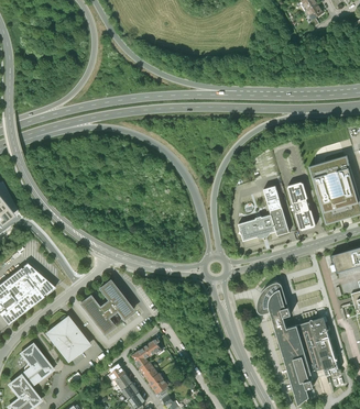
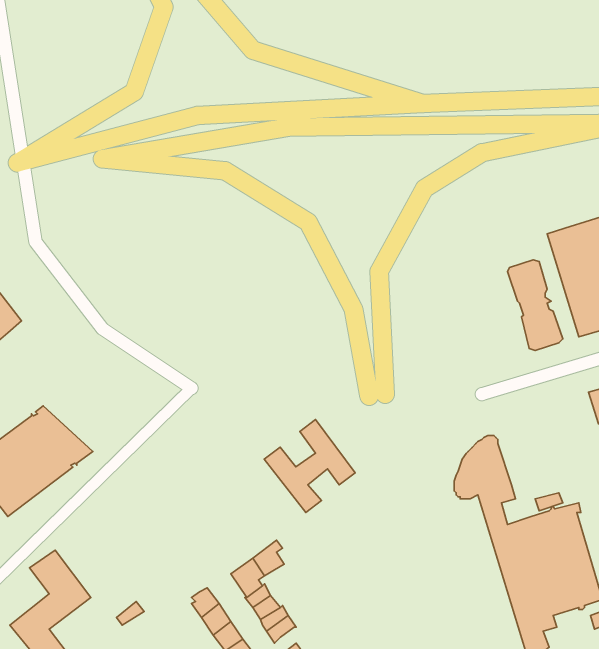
building: [238,186,290,241] -> none
building: [81,281,132,333] -> [264,419,355,512]
building: [45,316,91,362] -> none

